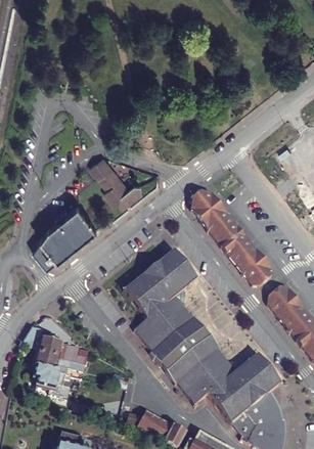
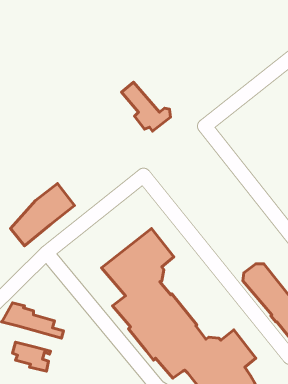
building: [90,158,140,208] -> [122,82,171,131]
building: [192,192,272,286] -> none
building: [33,350,87,371] -> none

